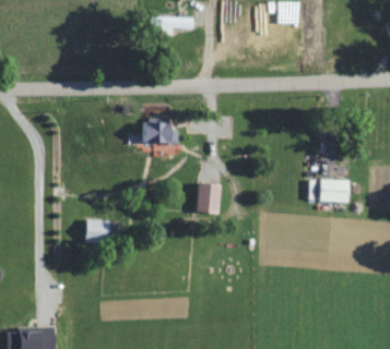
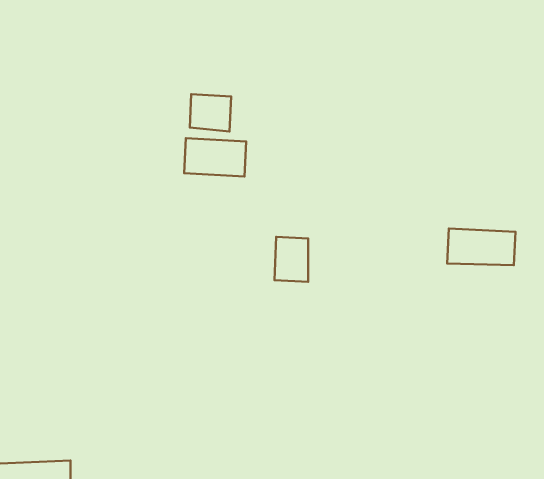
building: none -> [190,94,231,132]
building: [83,218,108,240] -> none

